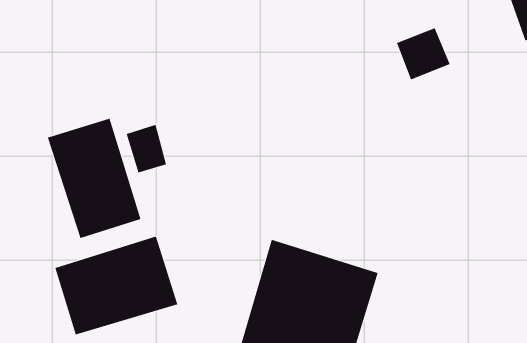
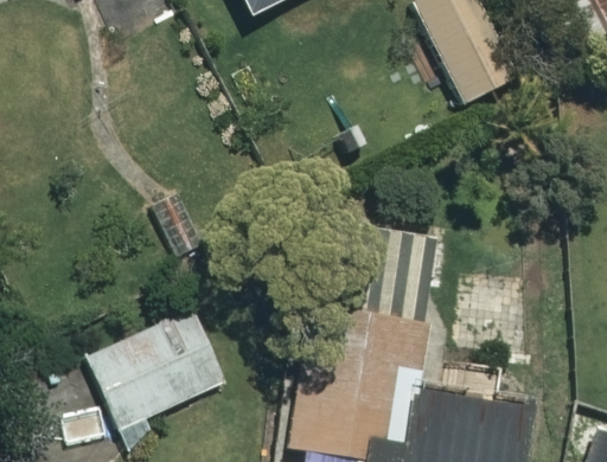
building: [47,118,141,239] -> none

